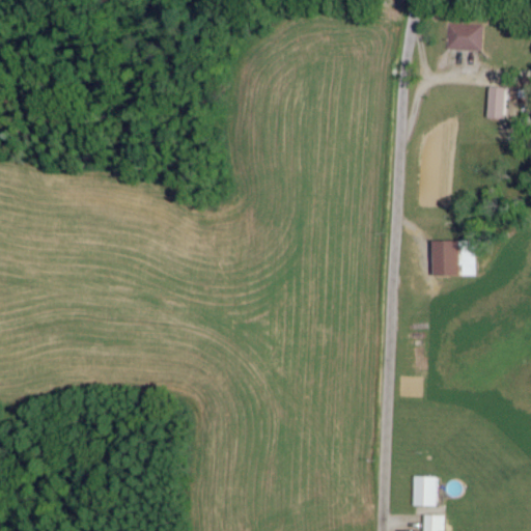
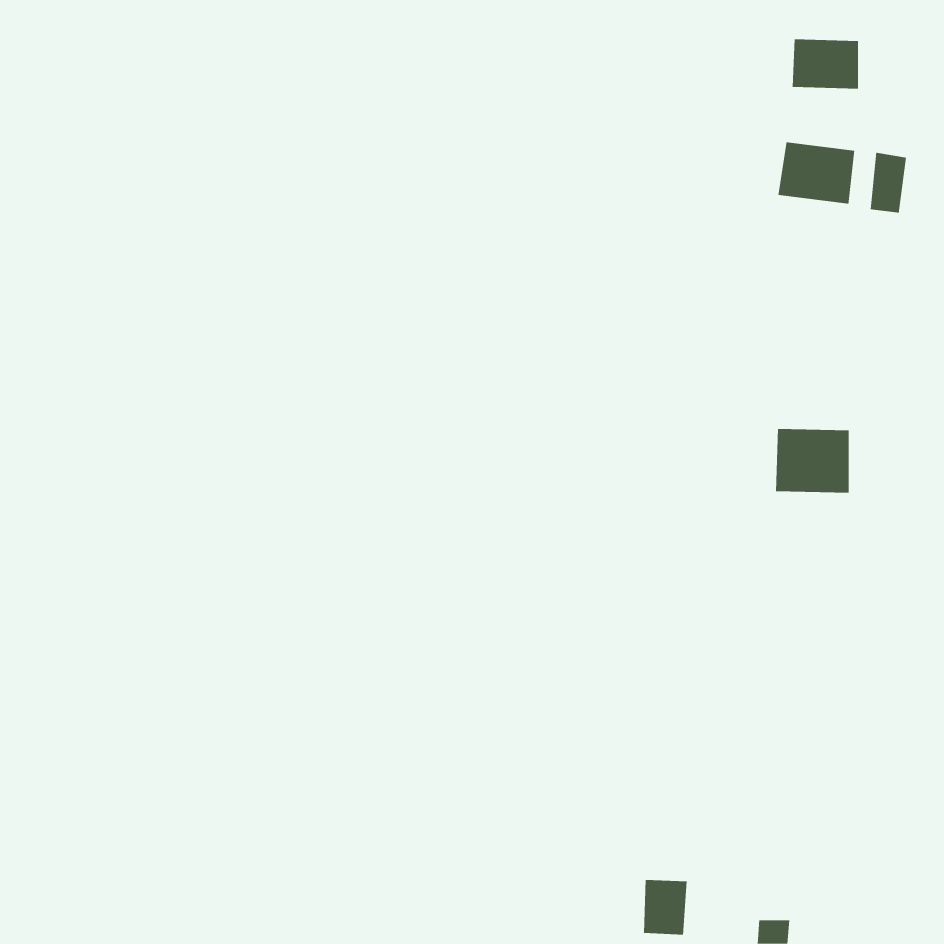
building: none -> [778,142,855,204]
building: [412,475,437,506] -> [643,879,688,935]

